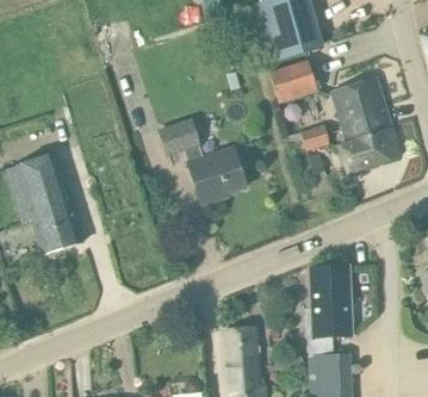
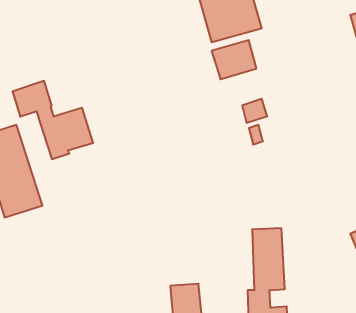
building: [331,77,401,170] -> none
building: [157,117,246,203] -> [12,81,93,159]

